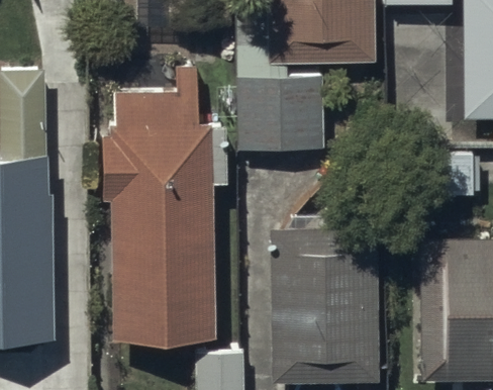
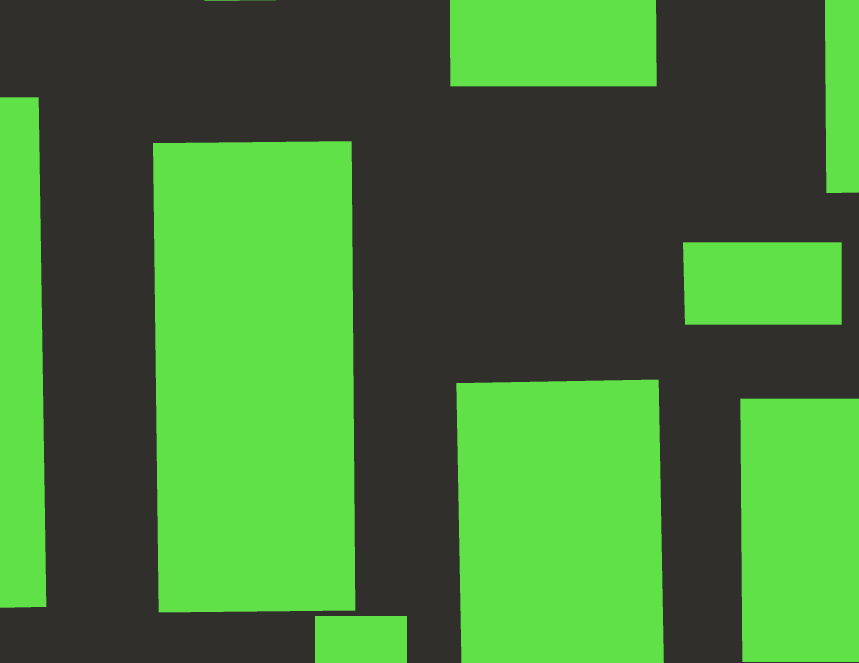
building: [234,76,324,153] -> none

